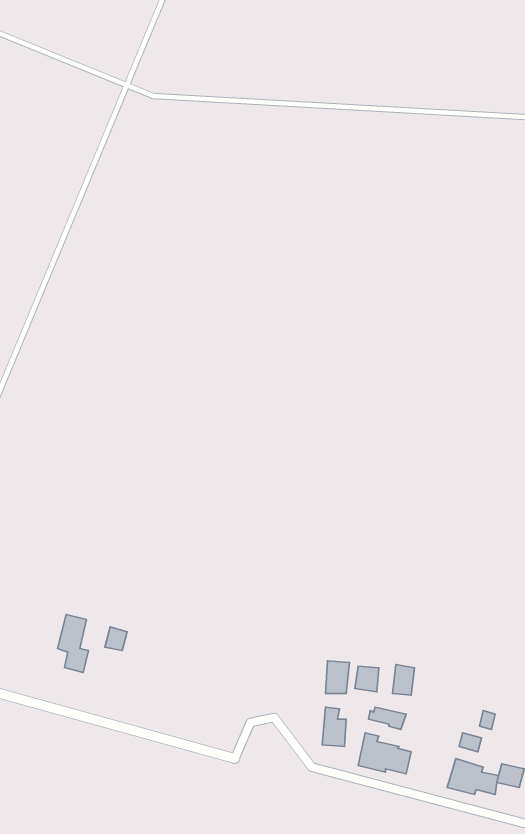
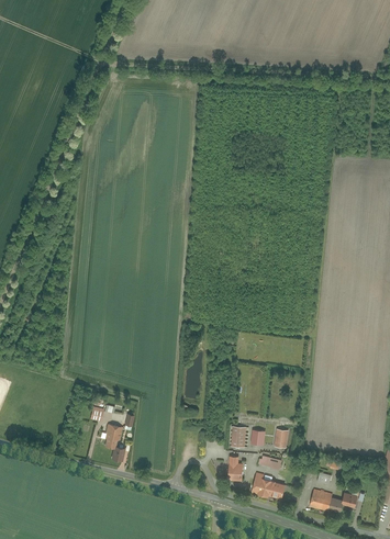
building: [58,614,88,673] -> [103,423,123,460]

